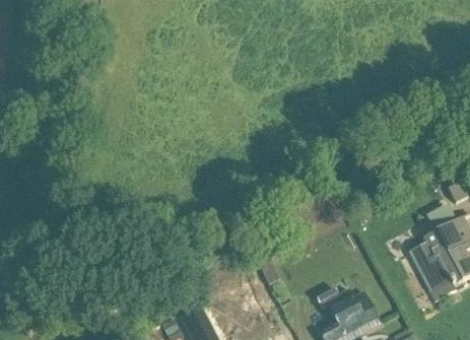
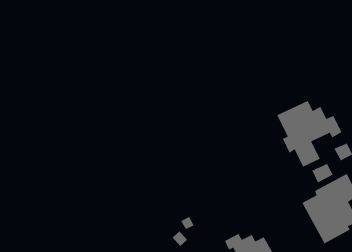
building: none -> [276,100,342,167]

